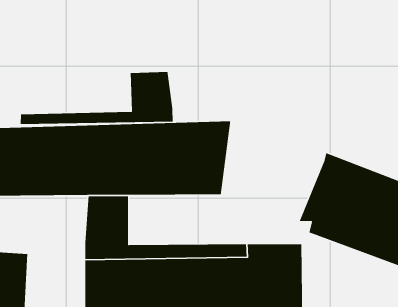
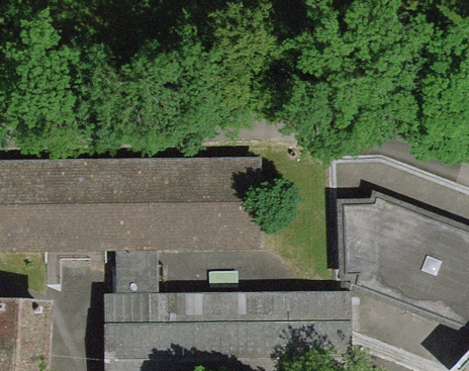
building: [20,71,174,125] -> none

